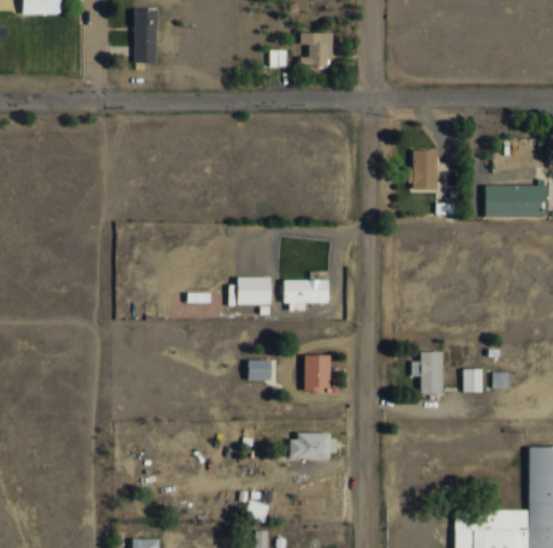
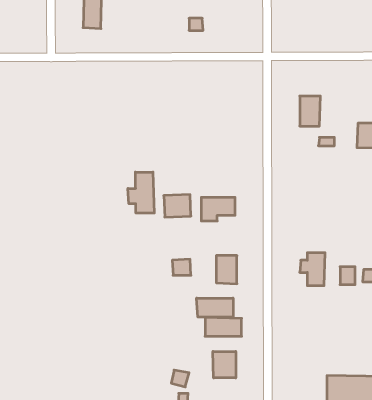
building: [299,34,332,67] -> none
building: none -> [128,172,154,213]
building: none -> [197,298,233,317]
building: none -> [213,351,236,378]

